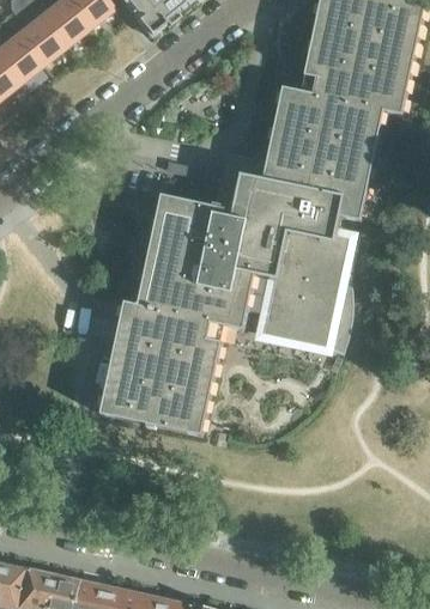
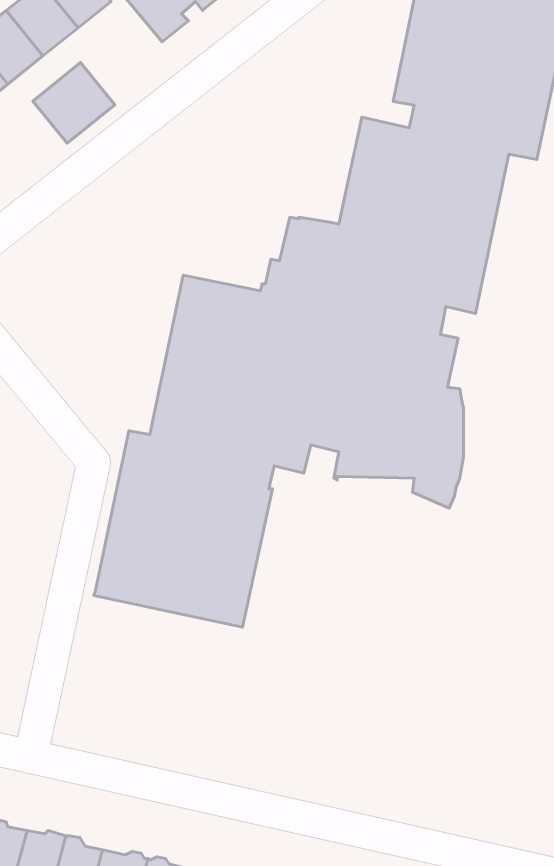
building: none -> [33,63,115,143]

